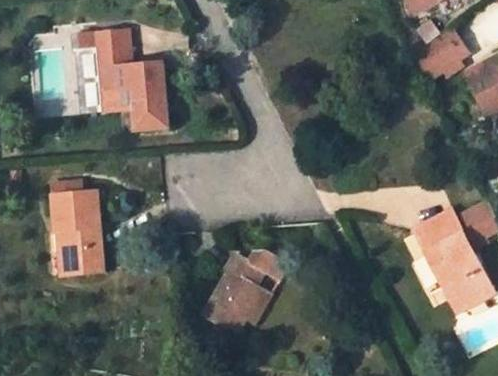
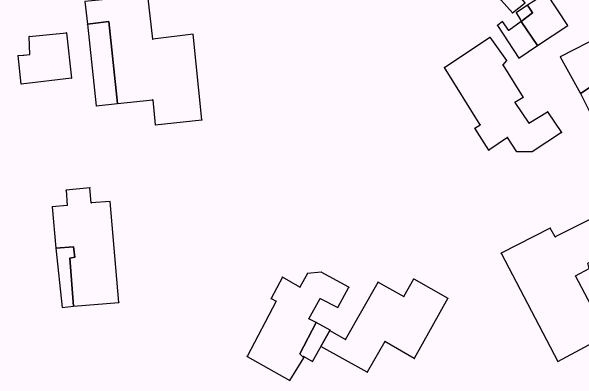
building: none -> [18,33,71,84]
building: none -> [444,37,562,152]
building: none -> [321,279,448,372]

